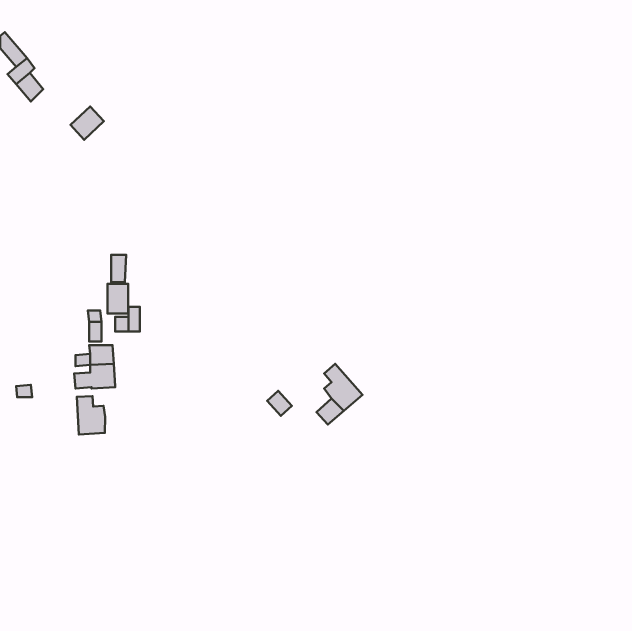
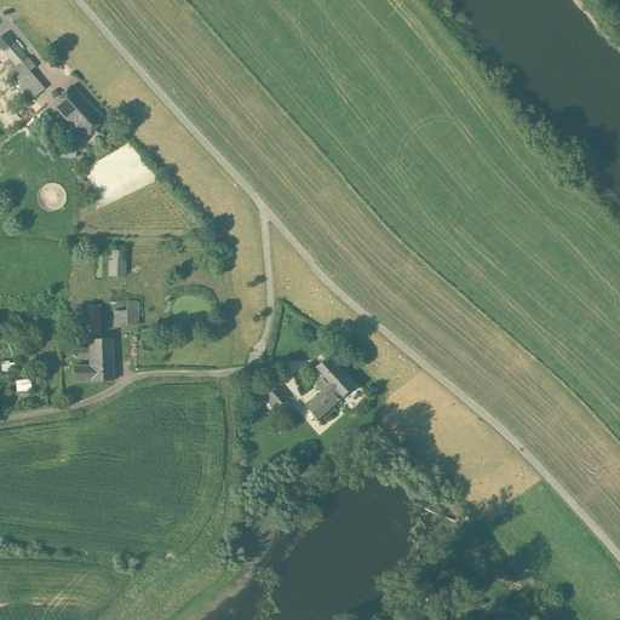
building: none -> [52,85,88,122]
building: [107,284,128,314] -> none
building: [77,396,105,434] -> none

